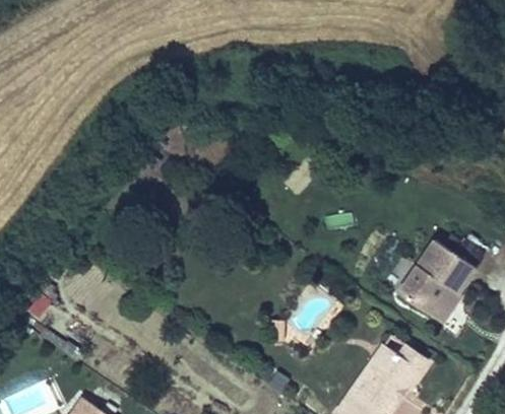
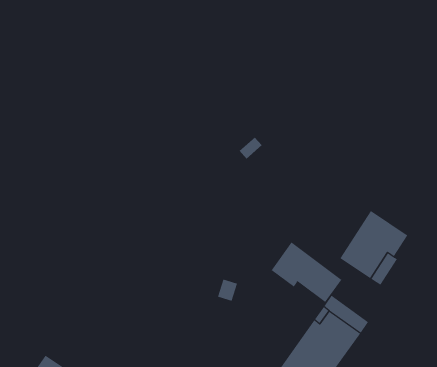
building: none -> [271,242,342,303]

